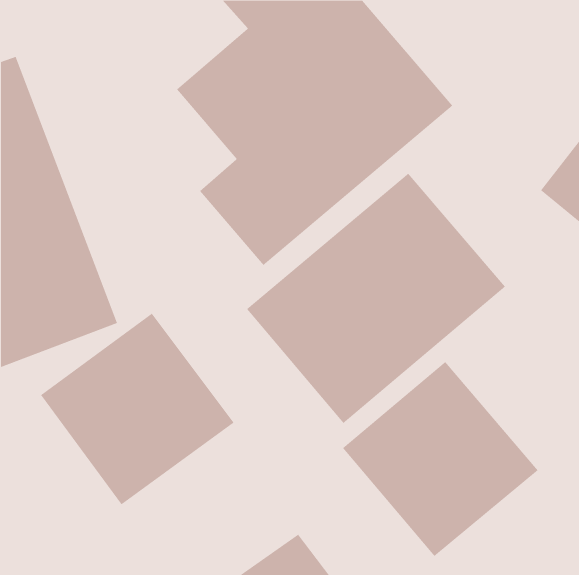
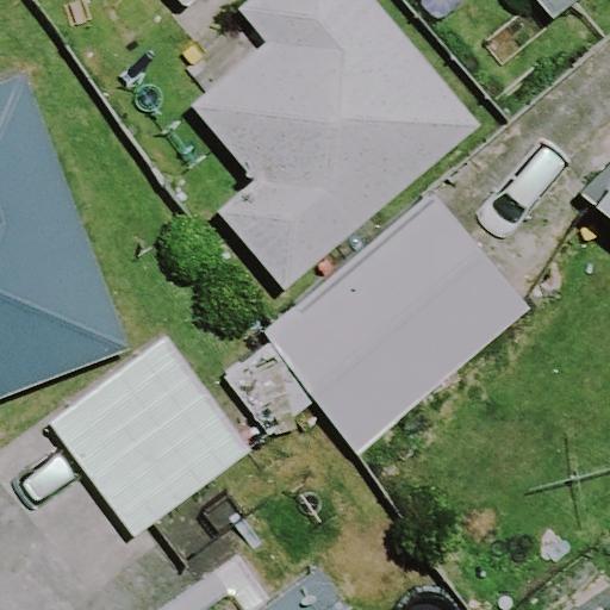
building: [342,361,538,557] -> none

